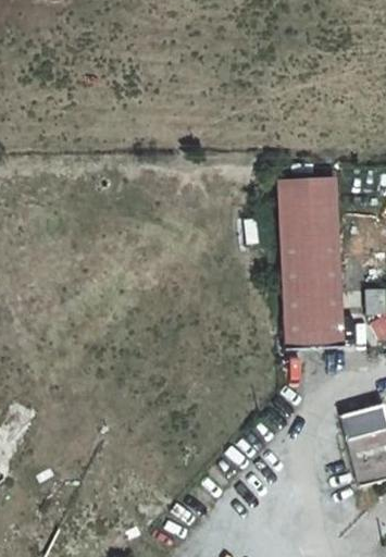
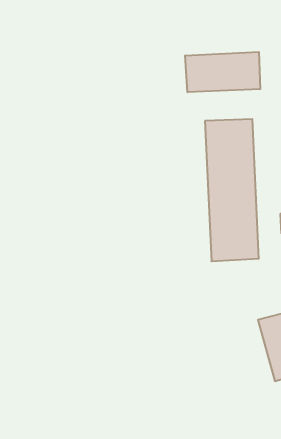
building: none -> [185,52,260,92]

